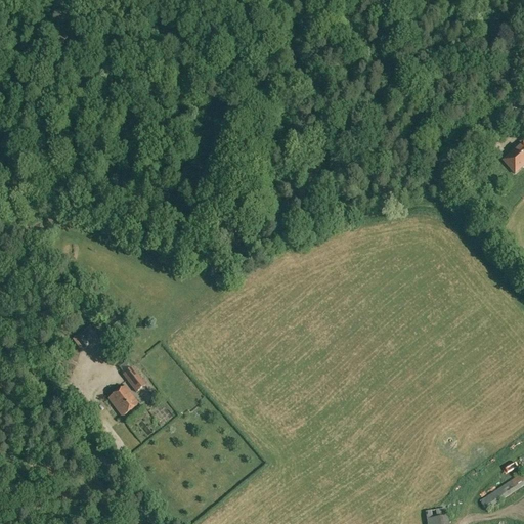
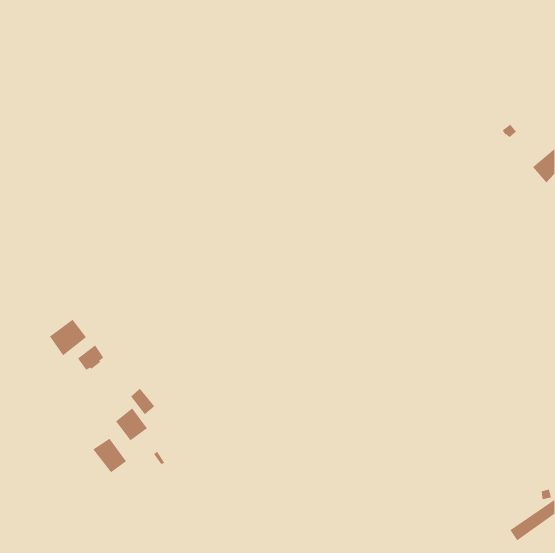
building: none -> [49,319,87,356]
building: none -> [93,438,127,473]

